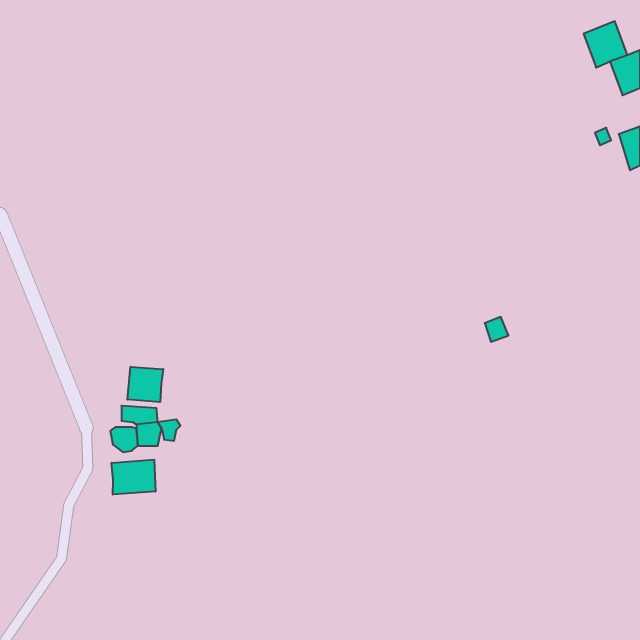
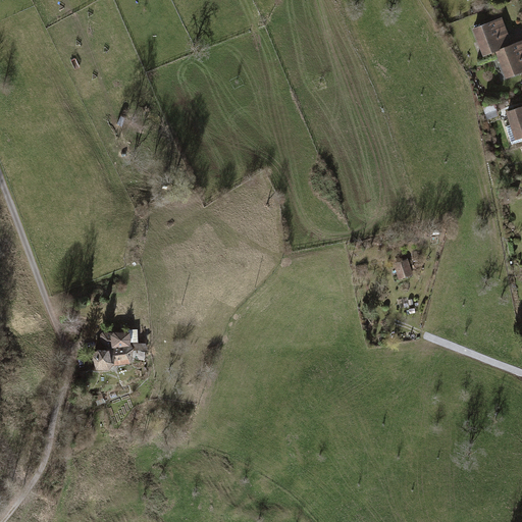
building: [127,367,163,402] -> none
building: [112,460,155,495] -> none

